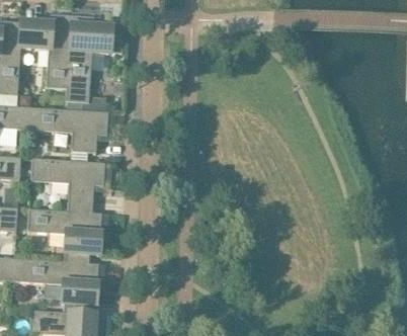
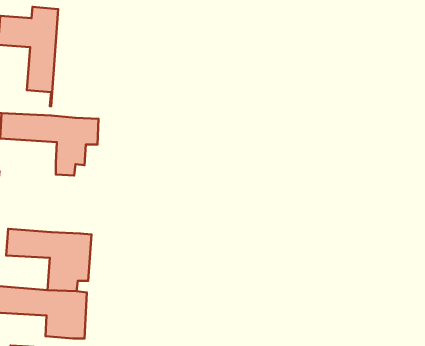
building: [66,15,123,110] -> none
building: [29,157,104,212] -> none

